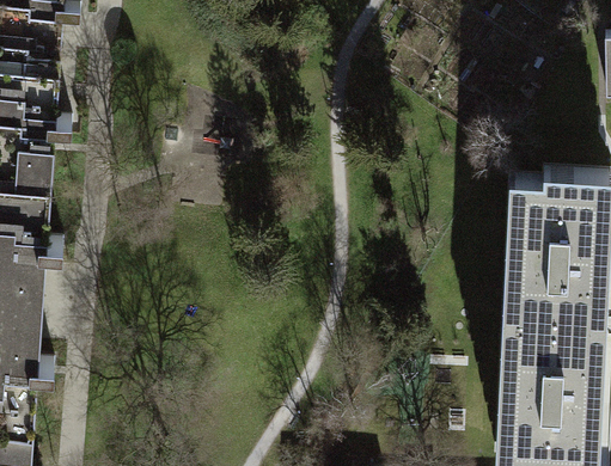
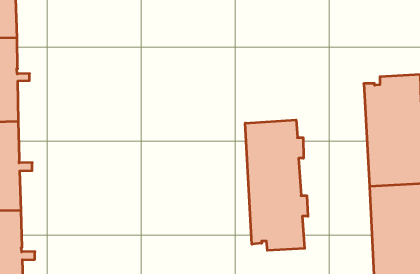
building: none -> [245,120,308,250]

